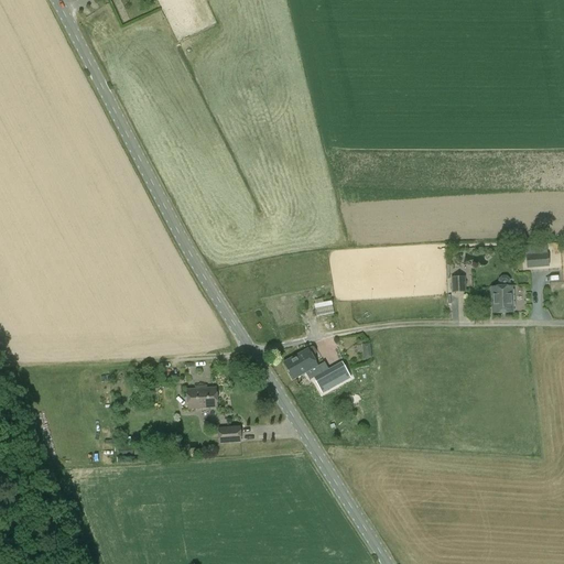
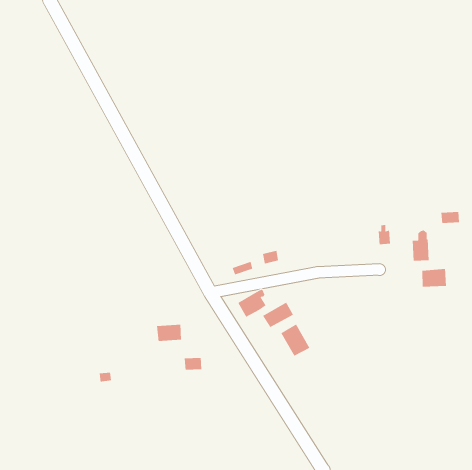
building: none -> [422,268,446,287]
building: none -> [281,323,310,356]

